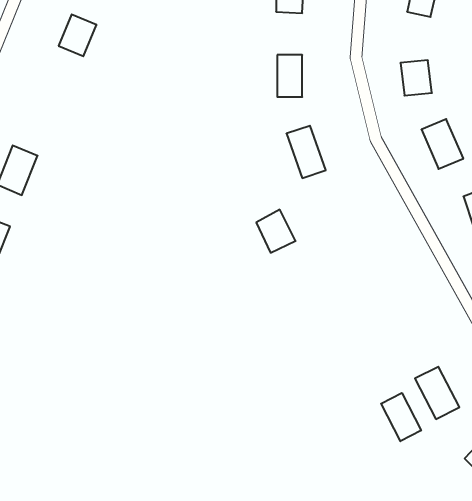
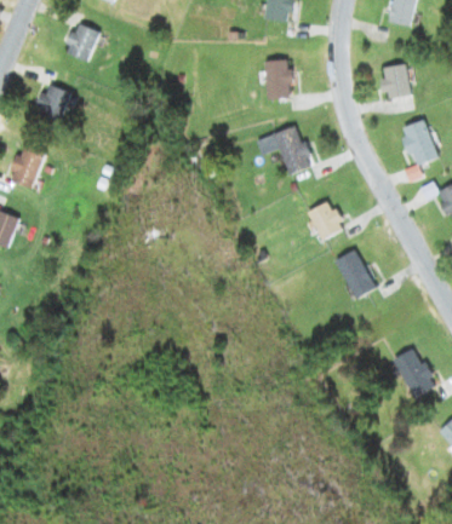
building: none -> [35,84,70,123]
building: [256,210,296,253] -> [308,201,344,241]
building: none -> [337,252,373,299]
building: [381,393,421,441] -> none

